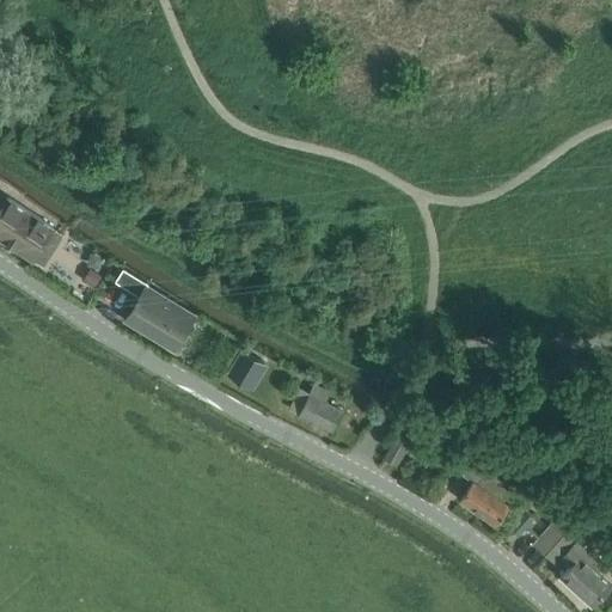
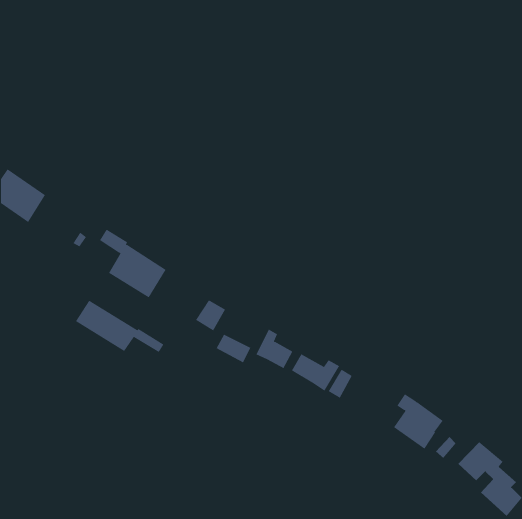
building: none -> [75,300,164,353]
building: none -> [216,334,251,363]
building: none -> [291,353,340,391]

